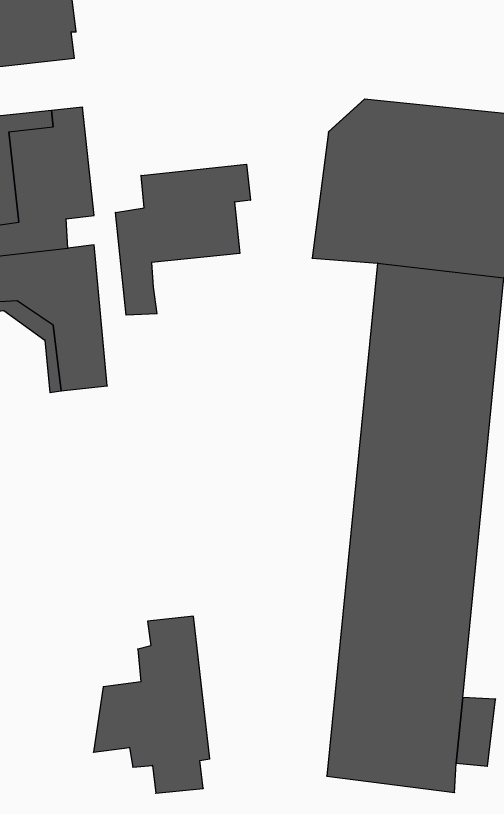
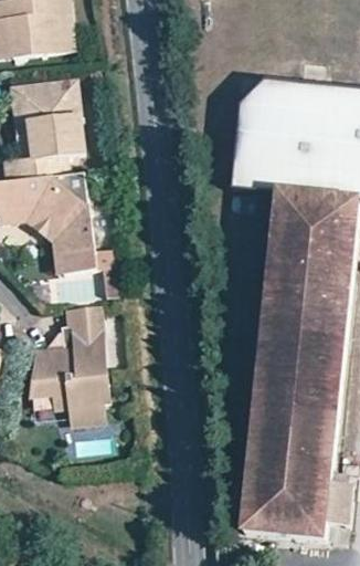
building: [116,164,250,315] -> none
building: [93,616,210,793] -> [31,304,109,423]

